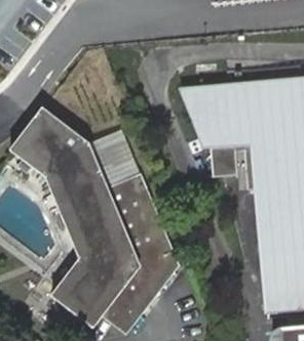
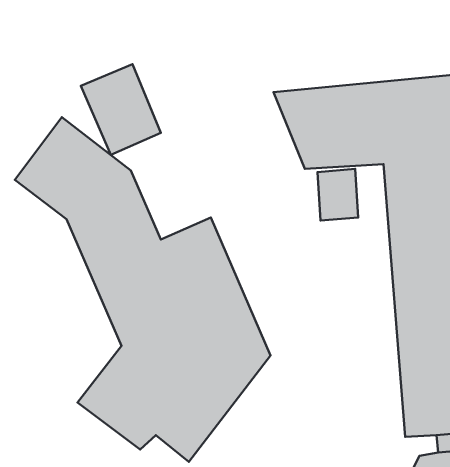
building: [87,128,140,187] -> [81,64,161,155]

